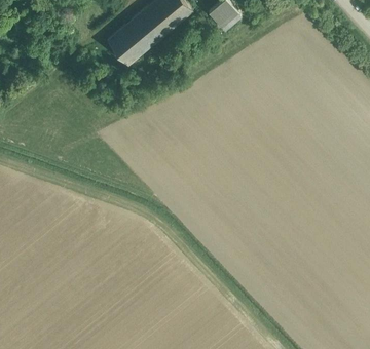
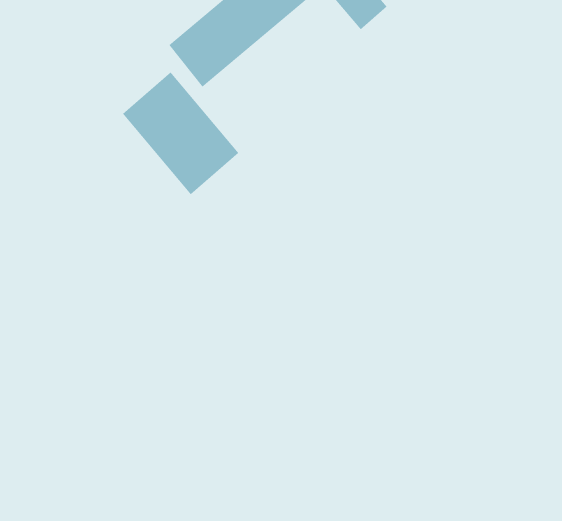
building: none -> [122,71,239,195]

